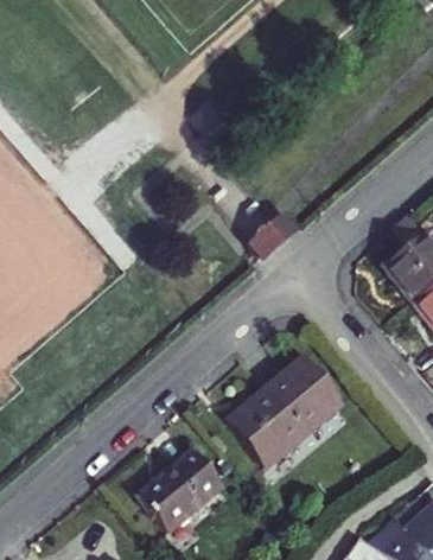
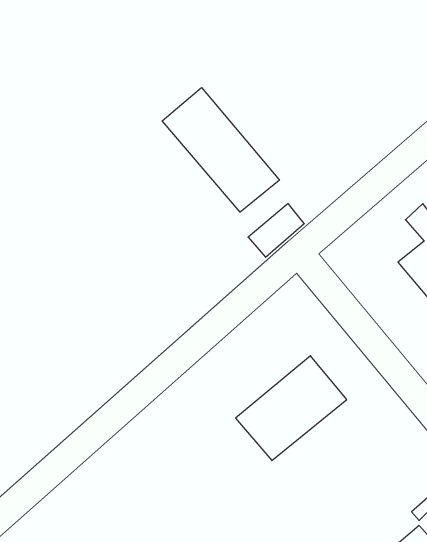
building: none -> [162,88,279,212]
building: [139,452,219,529] -> none

